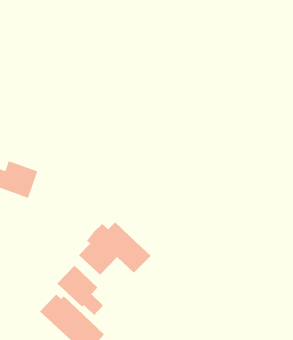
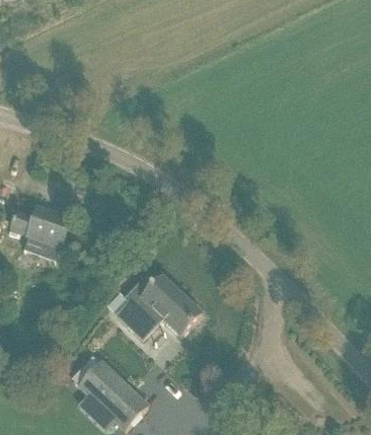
building: [57,265,104,316] -> none

